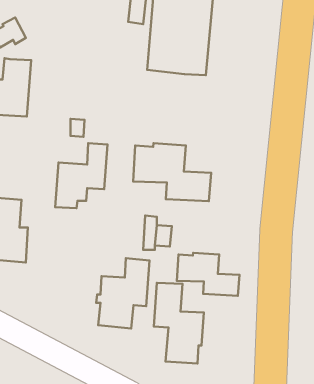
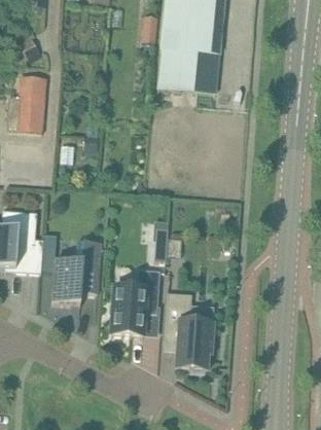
building: [55,143,107,208] -> [51,241,102,303]
building: [133,143,211,201] -> none
building: [177,253,240,296] -> none

